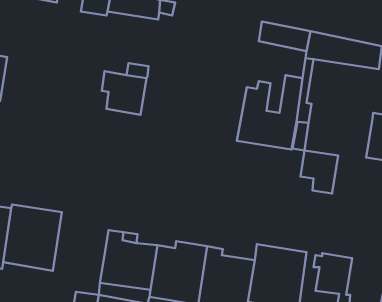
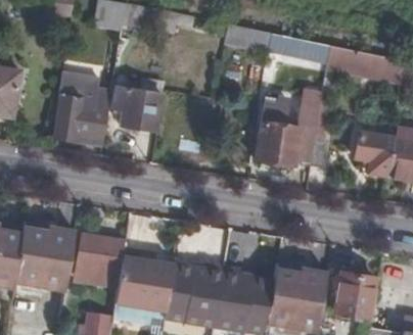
building: none -> [225,23,281,55]
building: none -> [54,69,112,144]
building: [300,151,338,193] -> [356,132,395,176]
building: none -> [78,234,125,275]

